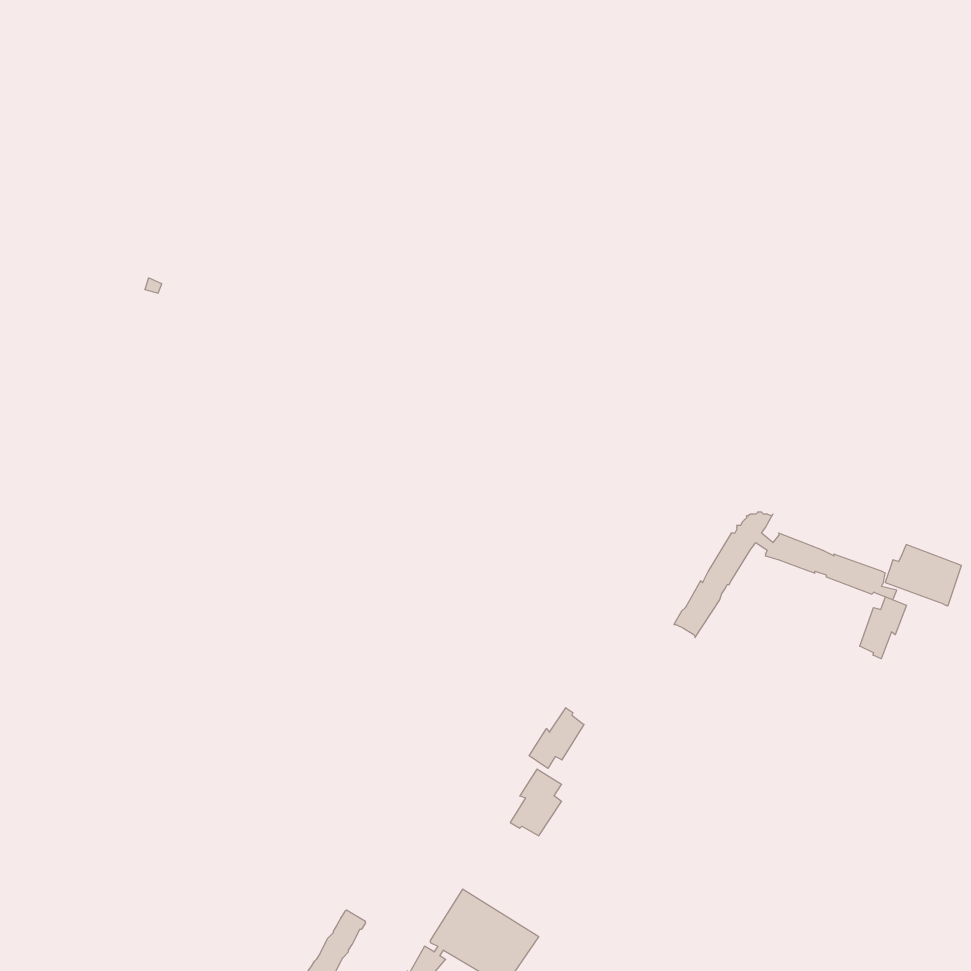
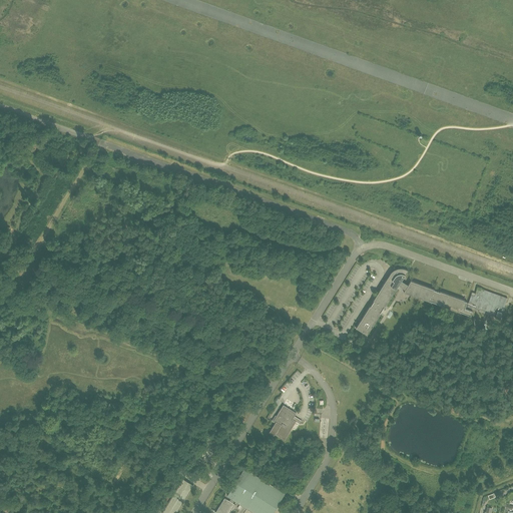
building: [860,597,906,659] -> none
building: [529,708,584,768] -> none

